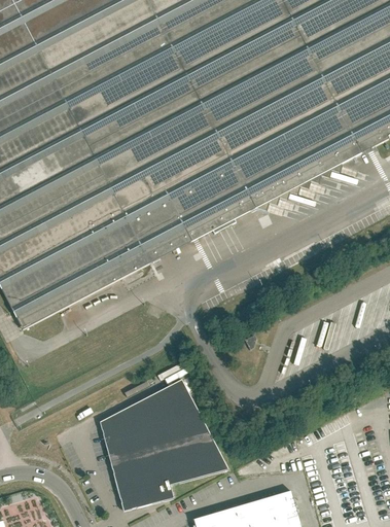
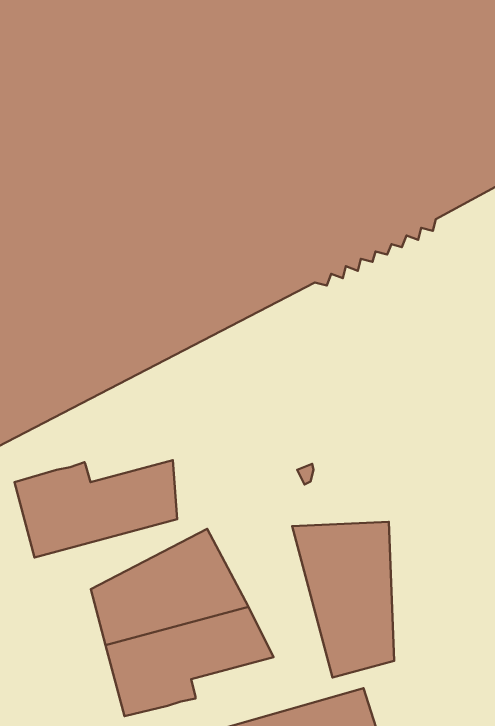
building: none -> [14,460,177,558]
building: none -> [292,522,394,678]

